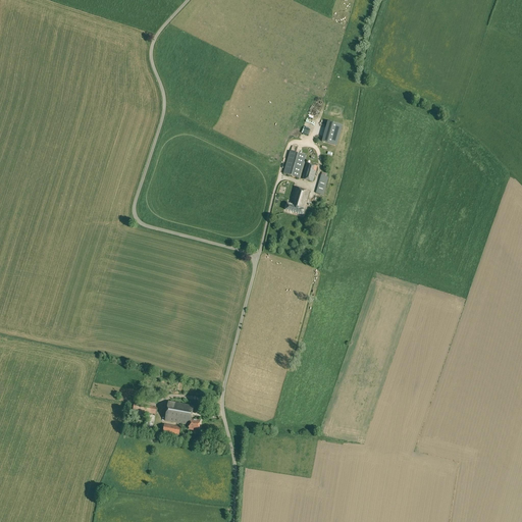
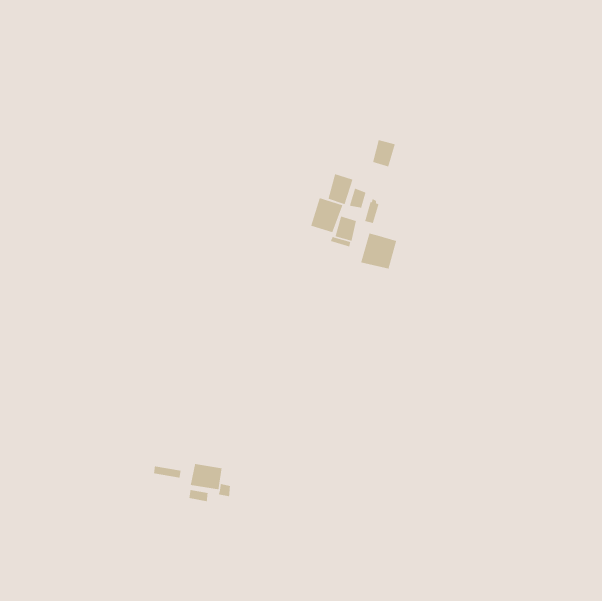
building: none -> [310,197,343,233]
building: none -> [360,232,397,270]

